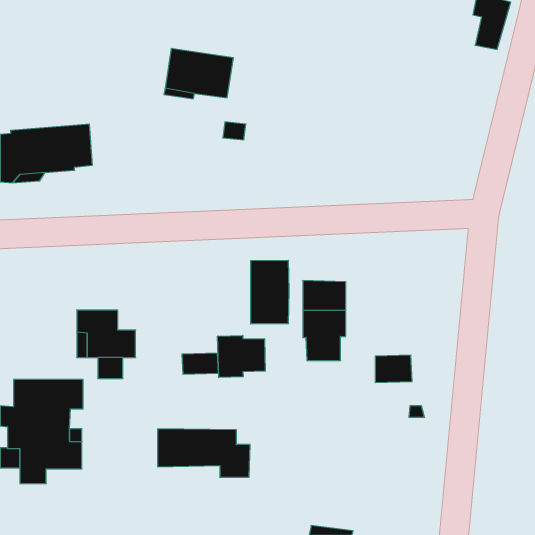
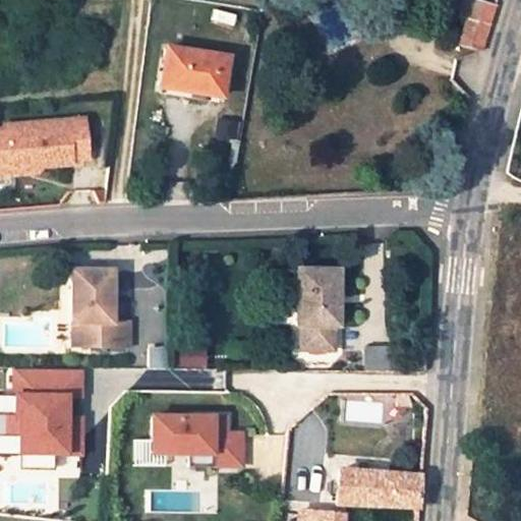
building: [251,260,289,324] -> none
building: none -> [76,270,116,300]
building: [218,335,265,378] -> none
building: none -> [338,468,422,506]

